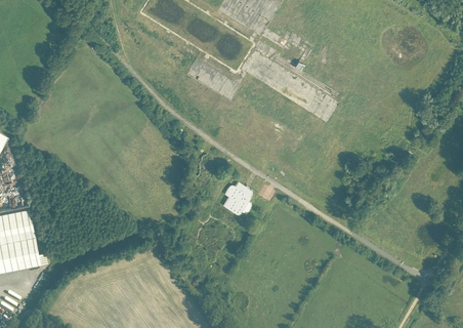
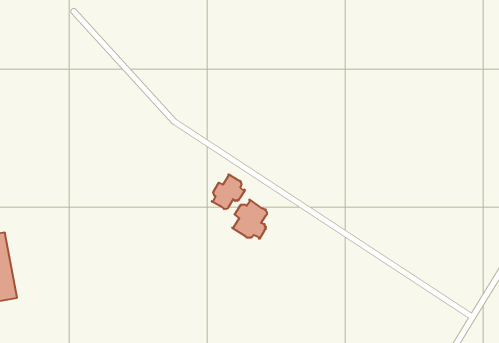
building: none -> [212,174,245,209]

